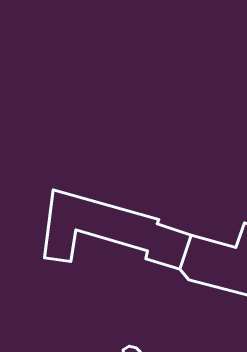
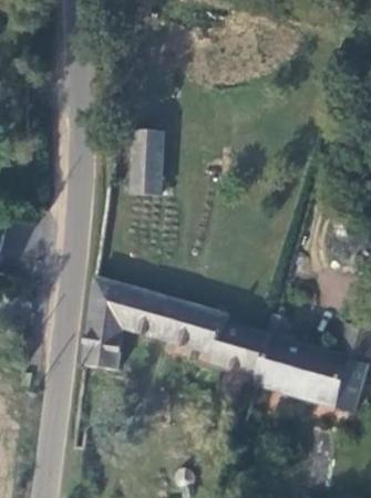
building: none -> [125,125,163,191]

